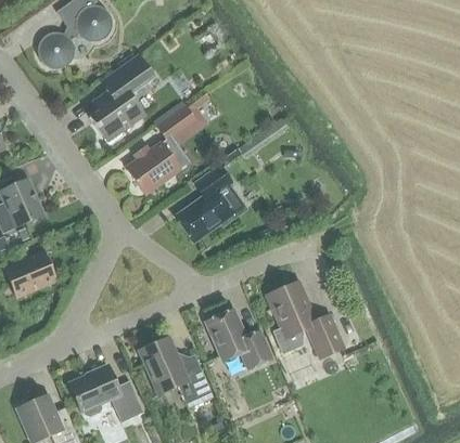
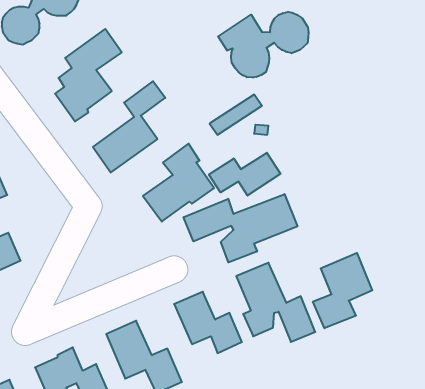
building: none -> [218,12,308,78]
building: none -> [209,153,280,196]
building: none -> [184,194,297,262]
building: none -> [313,253,372,328]

